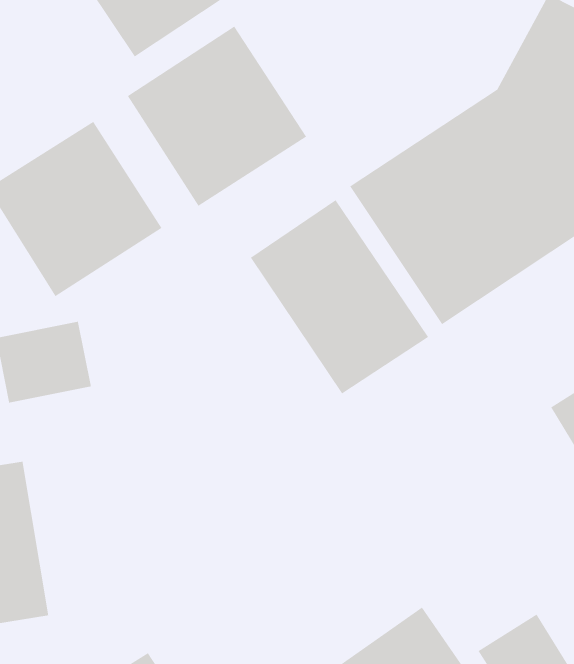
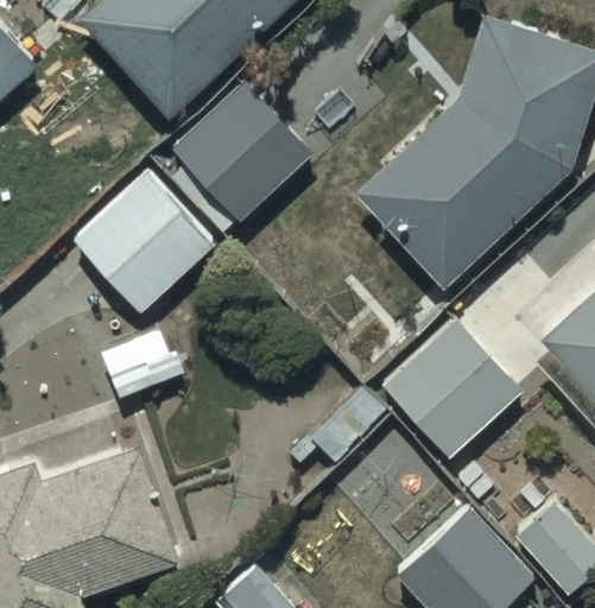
building: [250,199,429,395] -> none
building: none -> [380,317,525,461]

